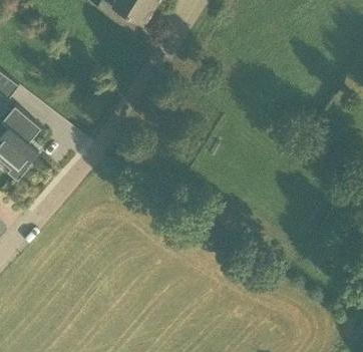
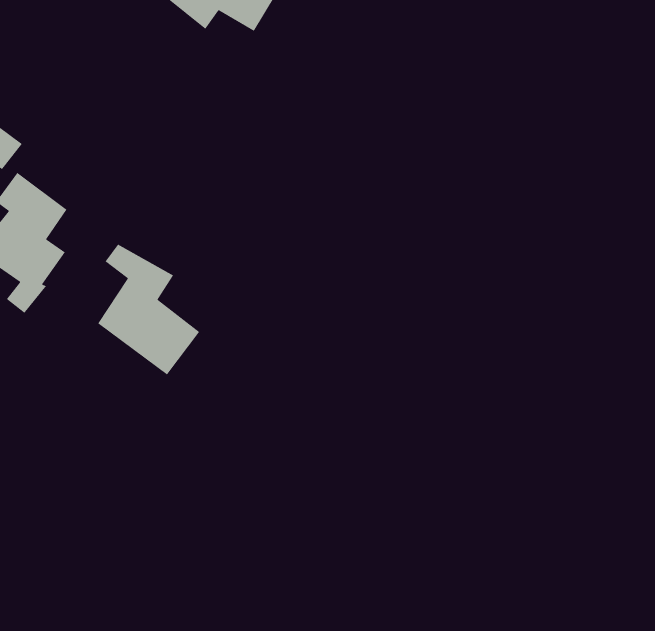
building: none -> [97,244,200,376]

